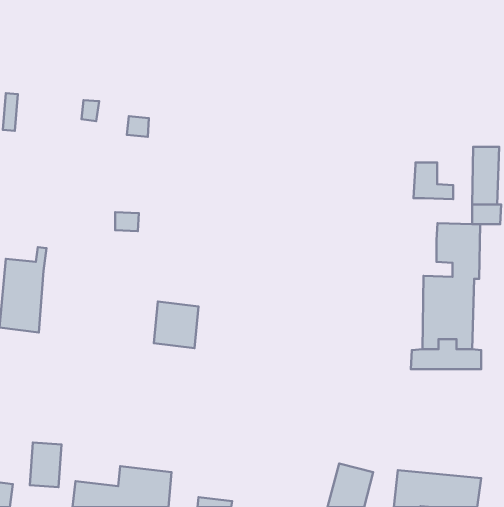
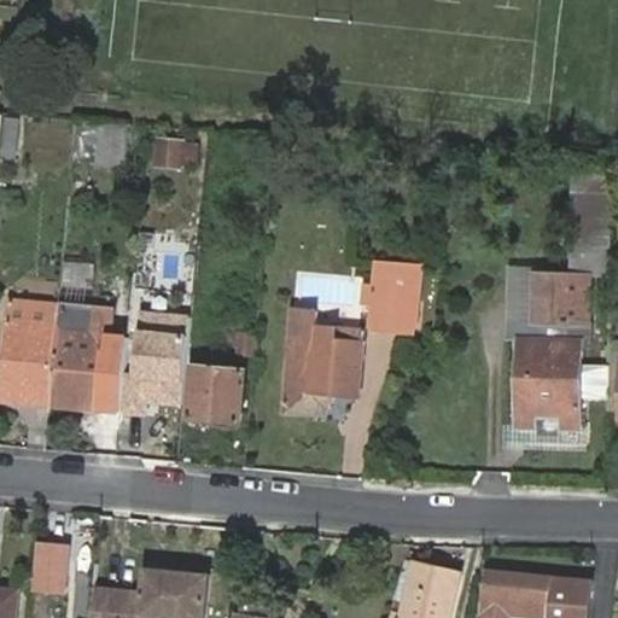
building: [413,162,453,199] -> [502,292,550,337]
building: none -> [371,263,418,331]
building: none -> [47,309,111,408]
building: none -> [123,309,182,408]
building: none -> [282,313,361,418]

